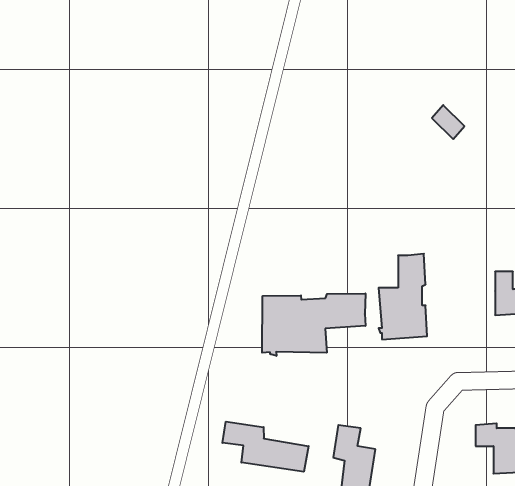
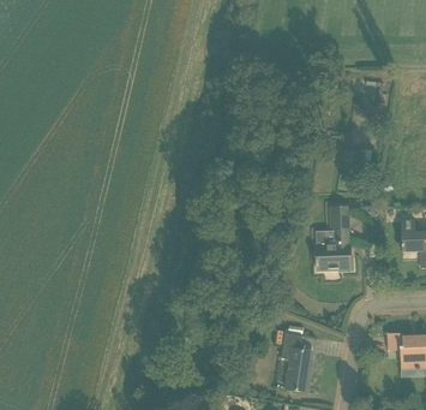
building: [262,293,365,356] -> none
building: [222,422,309,472] -> none

